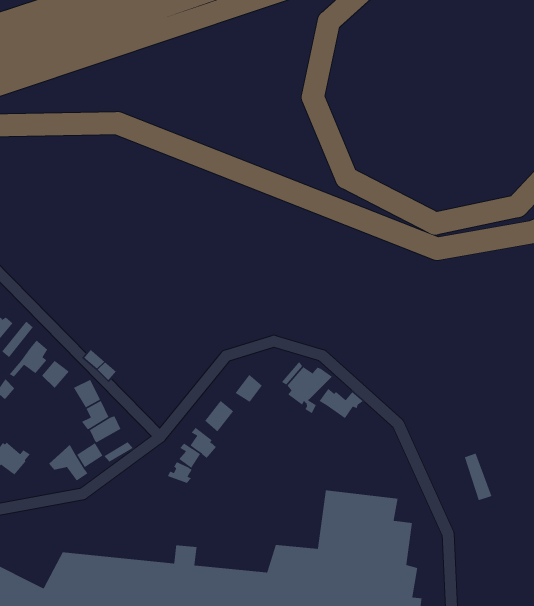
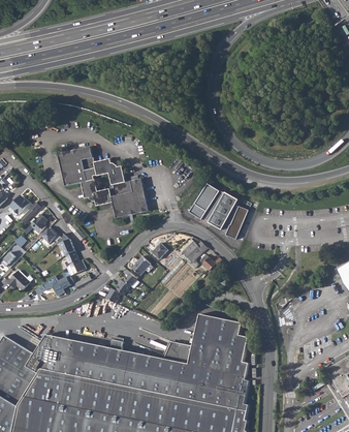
building: none -> [57,146,148,219]
building: none -> [189,184,248,240]

